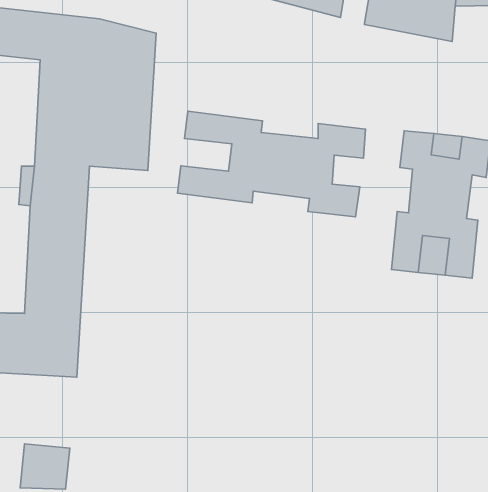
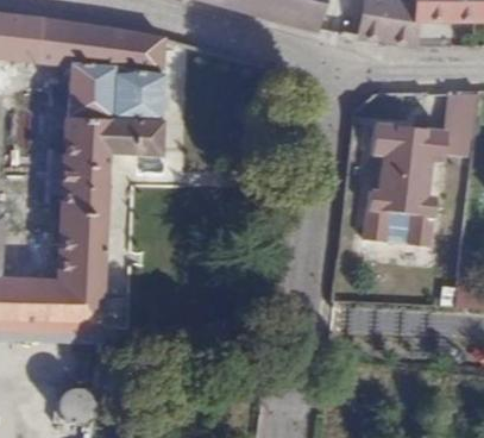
building: [177,111,366,217] -> none

